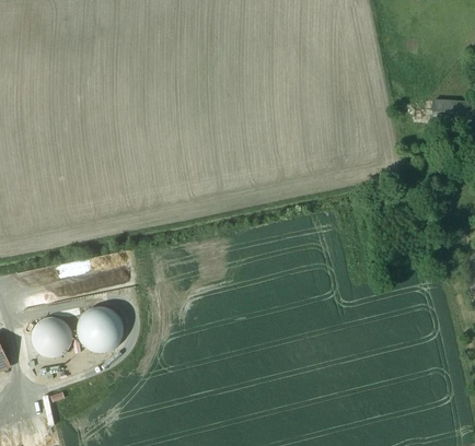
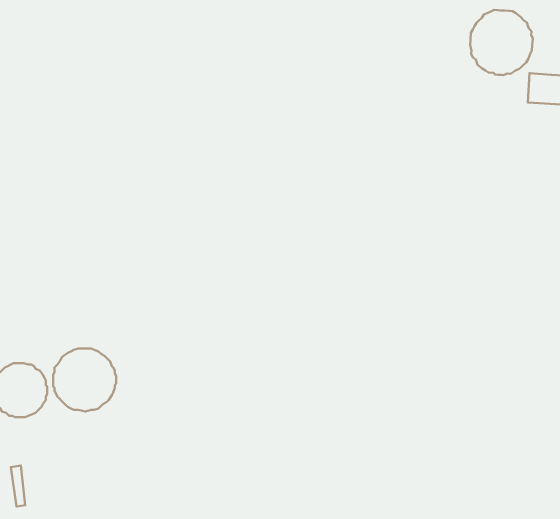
building: none -> [470,10,533,75]

